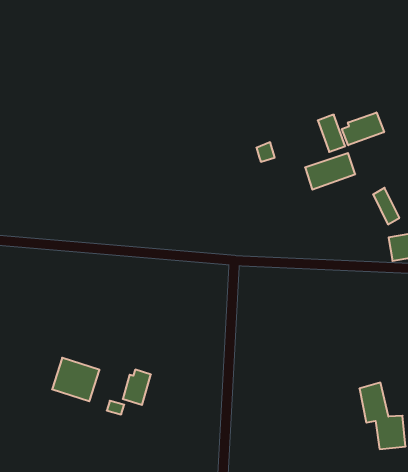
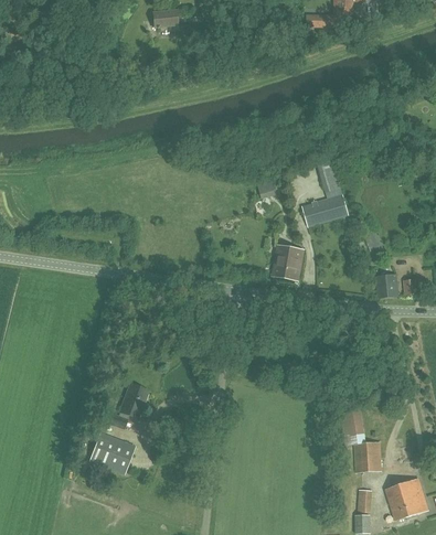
building: [342,112,384,145] -> none
building: none -> [273,245,301,279]
building: [52,358,100,401] -> [88,431,134,473]

